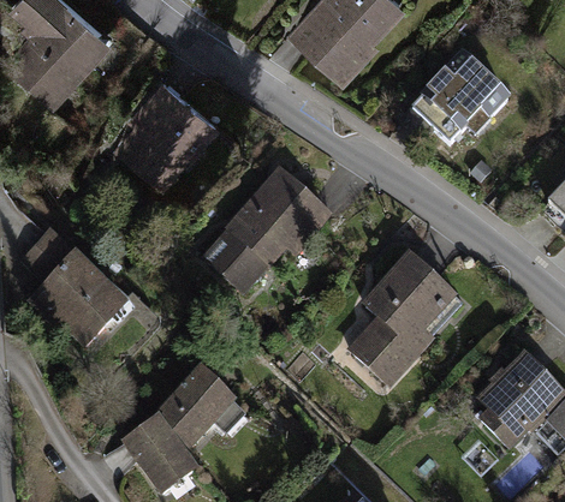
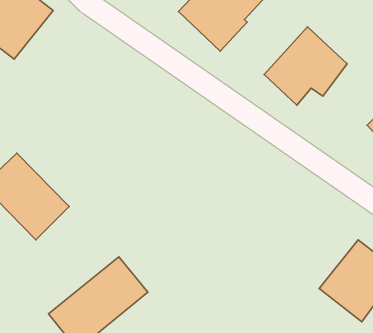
building: [114,80,221,190] -> none
building: [208,168,329,292] -> none
building: [338,255,454,381] -> none

